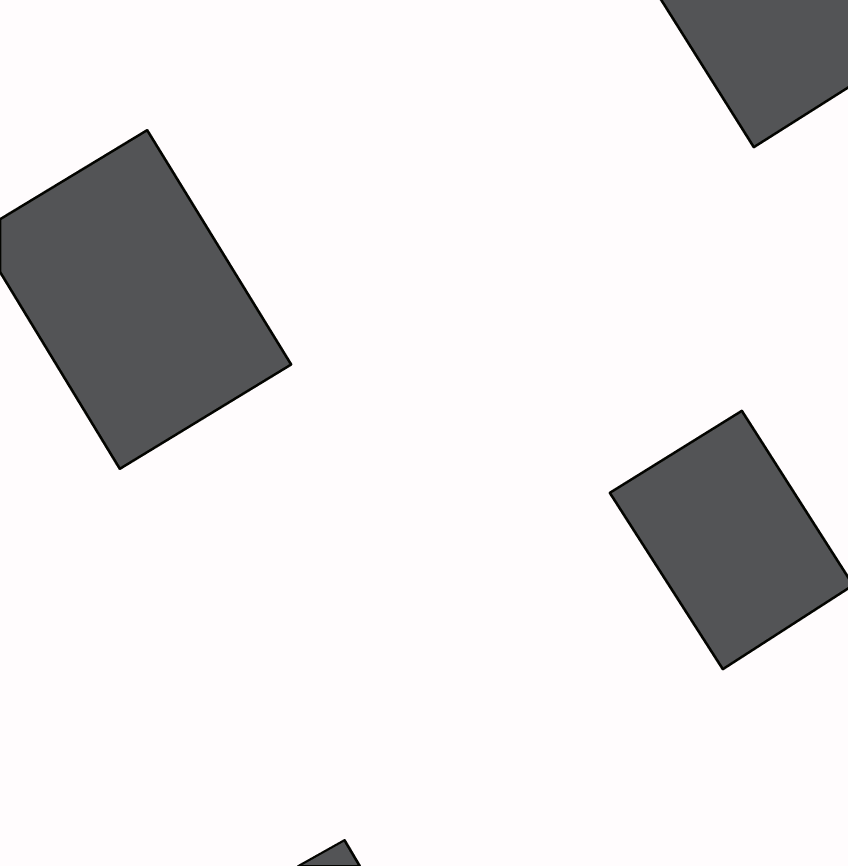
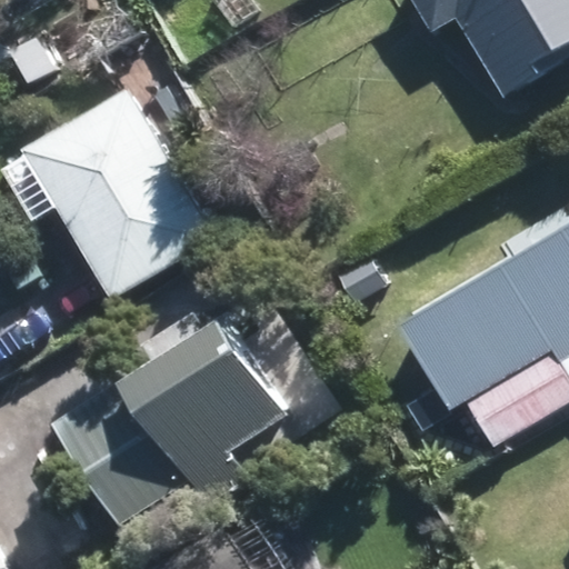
building: none -> [43,328,271,520]

